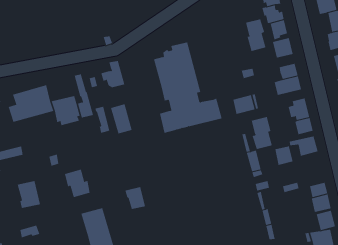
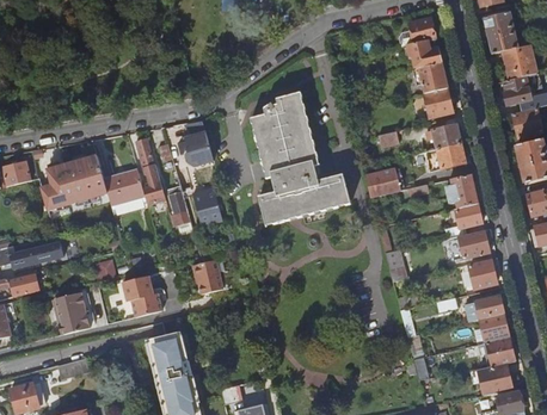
building: [246,18,266,52] -> none
building: [251,116,272,150] -> none
building: [275,146,294,166] -> [469,259,497,287]
building: [124,187,146,210] -> [190,260,221,293]

